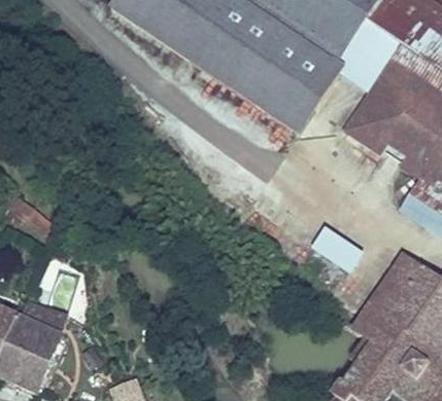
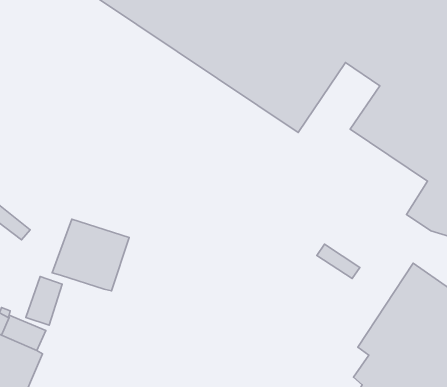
building: none -> [52,219,129,291]

